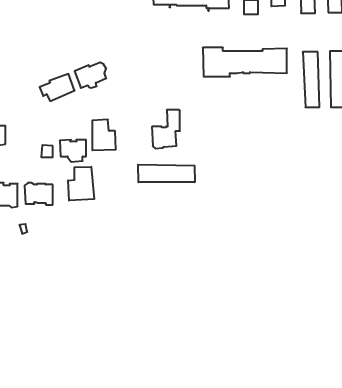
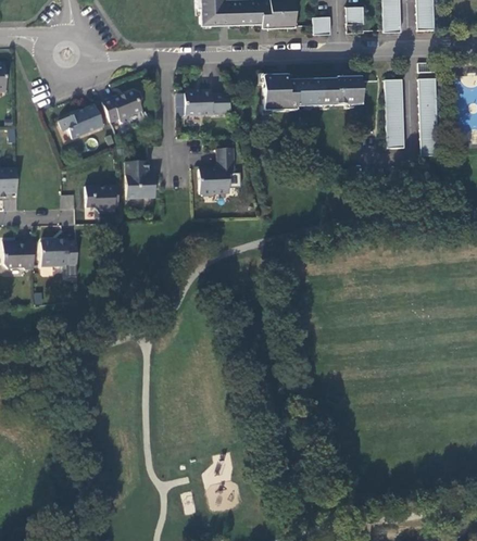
building: none -> [185,92,235,117]
building: [138,165,195,182] -> none
building: [68,167,94,201] -> none

